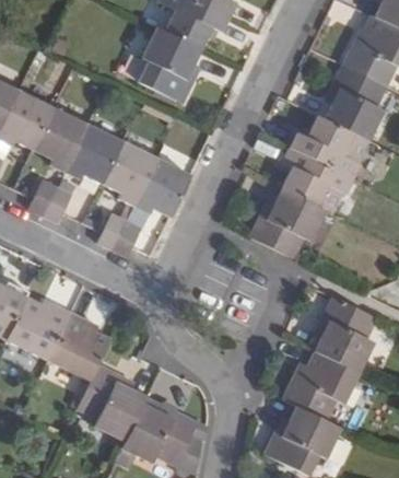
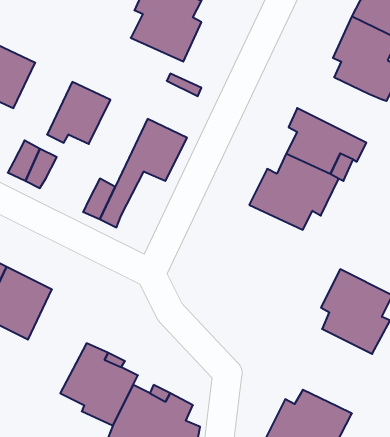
building: [32,106,85,172] -> none
building: [291,115,369,179] -> none
building: [101,140,154,206] -> none
building: [45,314,112,382] -> none
building: [279,350,360,421] -> none

